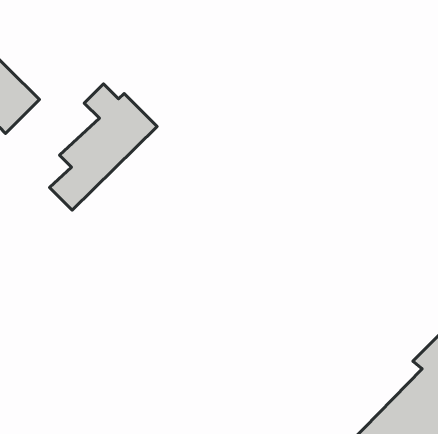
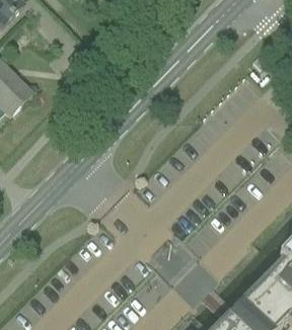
building: [50,84,157,210] -> none

